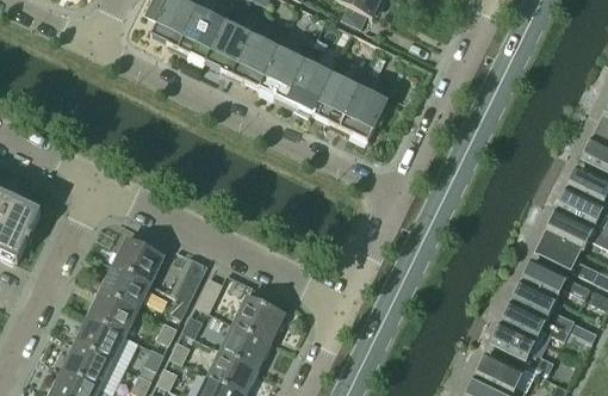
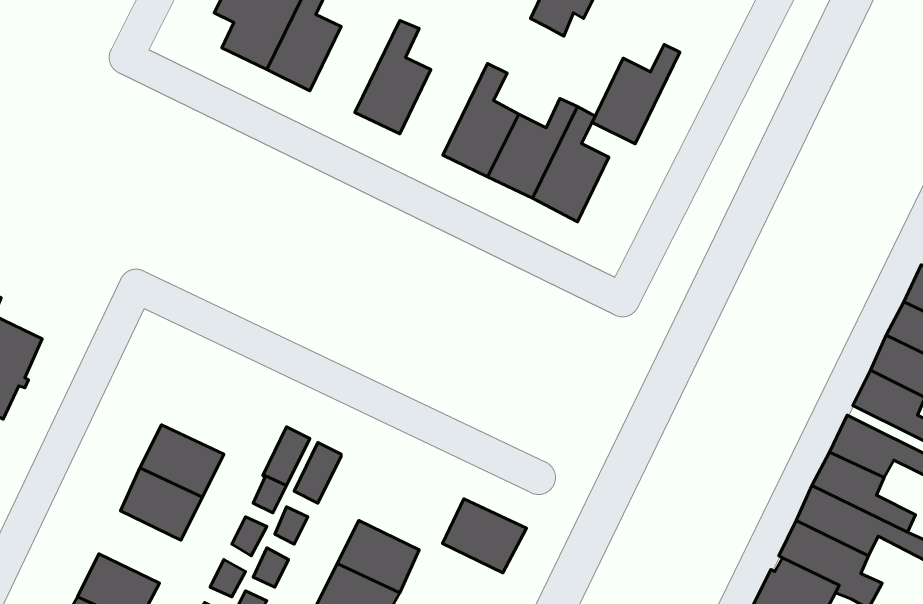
building: [204,14,259,75] -> none
building: [259,41,312,101] -> [592,44,680,144]
building: [113,234,168,284] -> none
building: [234,297,285,342] -> [442,499,526,573]
building: [75,318,125,363] -> none

